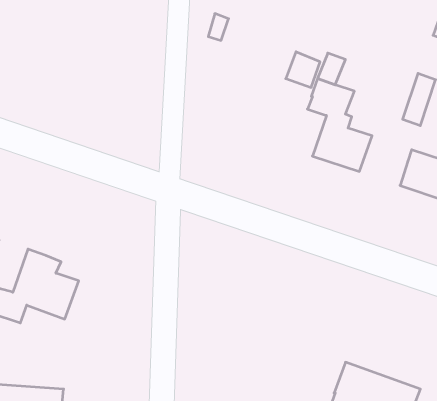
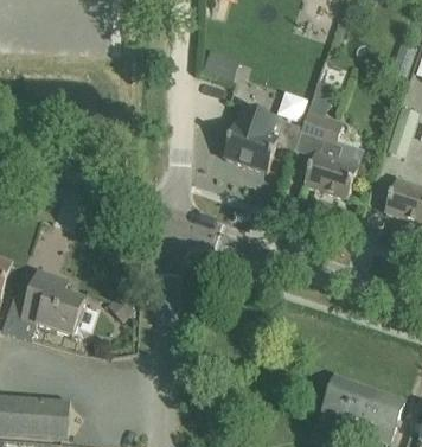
building: none -> [223,104,302,171]

